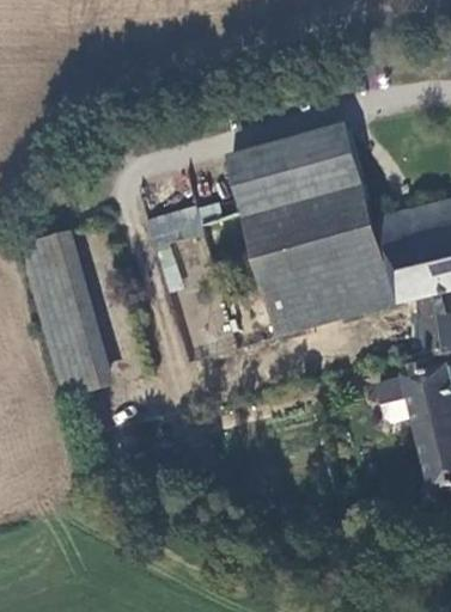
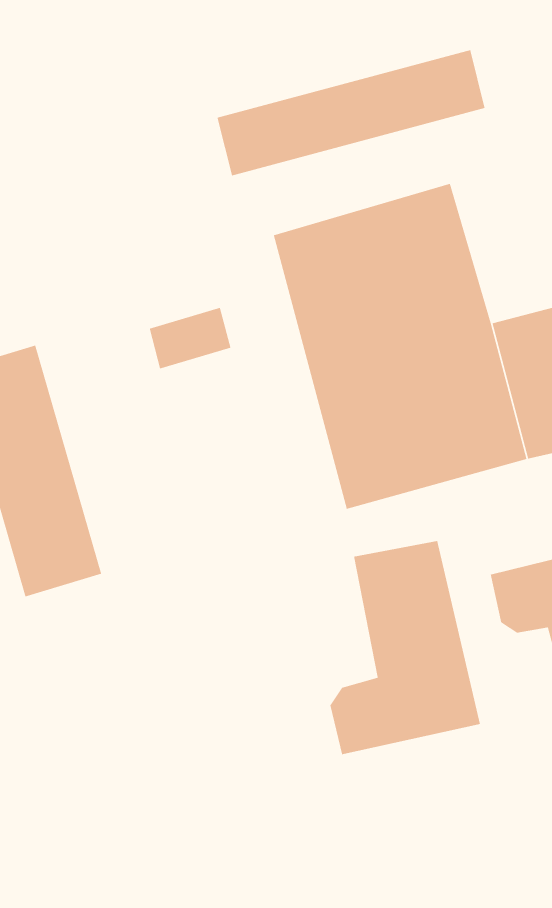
building: none -> [217,49,486,177]
building: none -> [329,540,481,755]

